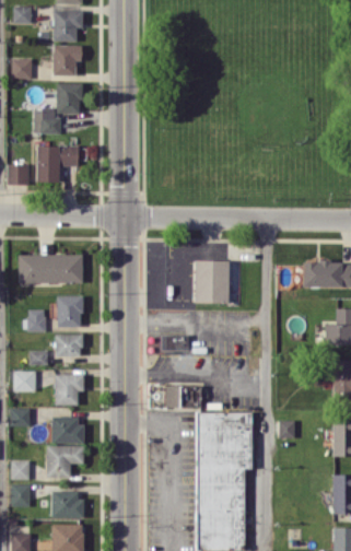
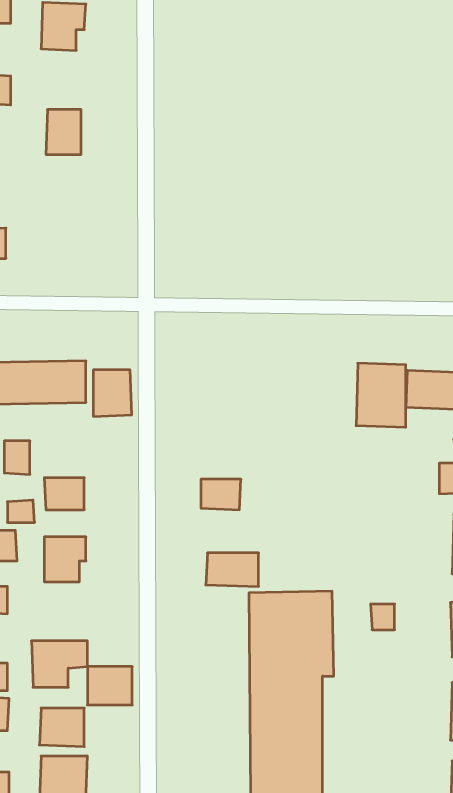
building: [52,46,82,77] -> none
building: [33,109,60,134] -> none
building: [36,145,78,183] -> none
building: [195,260,229,304] -> [356,363,406,427]
building: [57,296,83,328] -> [93,370,132,416]
building: [51,418,82,444] -> [87,667,132,705]

